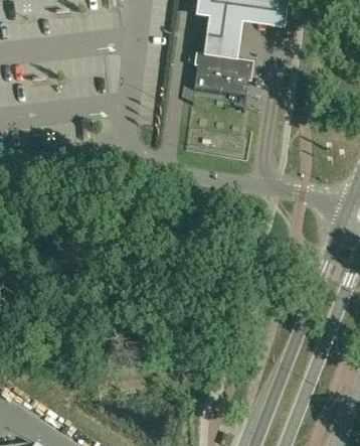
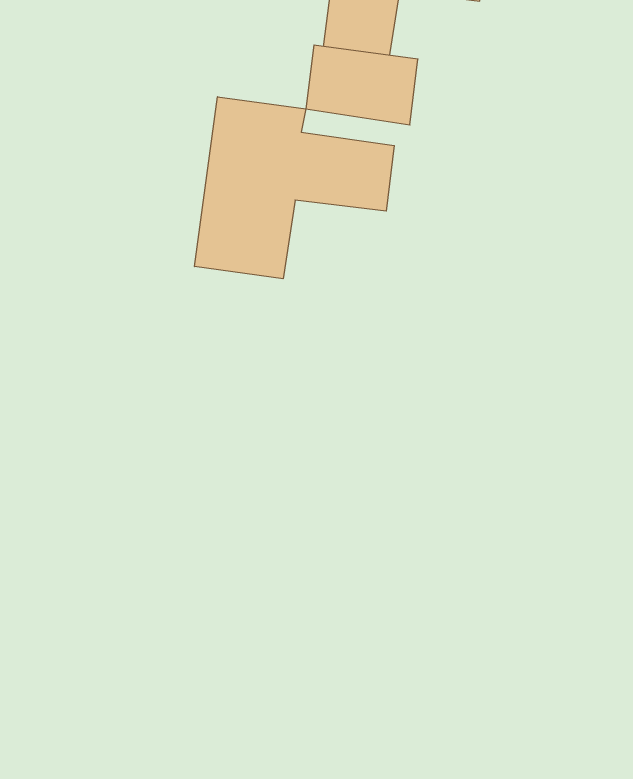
building: none -> [195,97,394,279]

